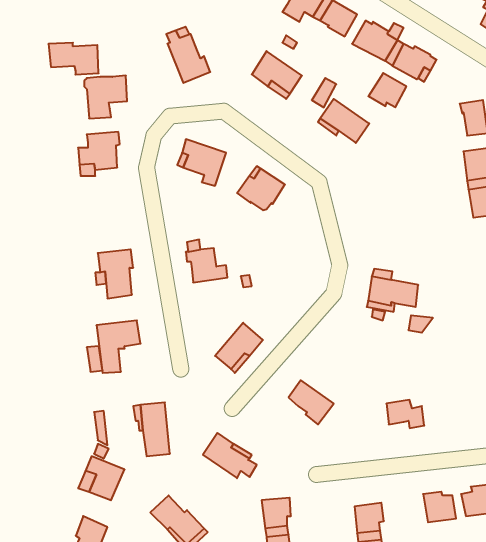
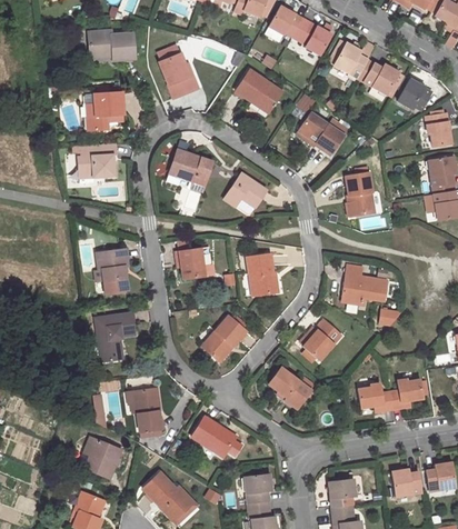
building: [48,43,99,75] -> [89,31,135,60]
building: [368,73,406,107] -> [398,79,432,110]
building: none -> [347,172,375,216]
building: none -> [248,254,279,295]
building: none -> [305,319,341,359]
building: none -> [391,379,424,409]

